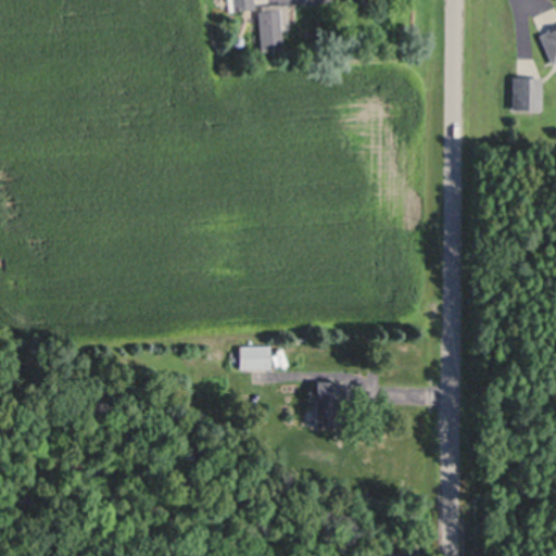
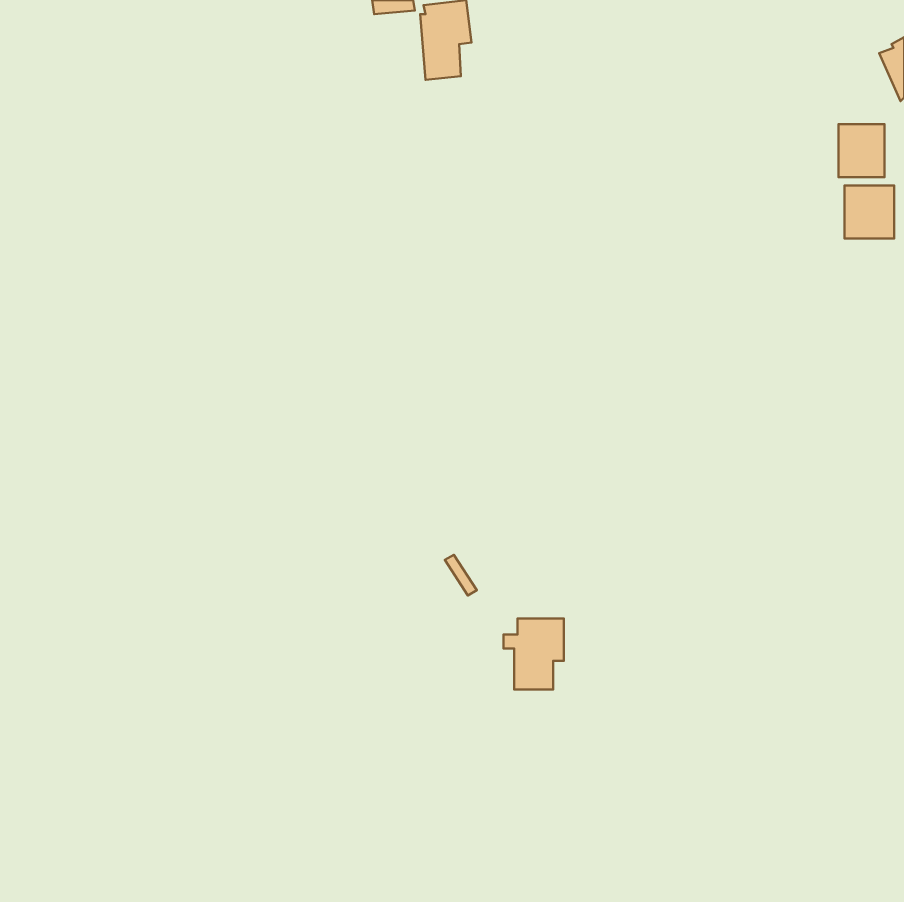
building: none -> [844,186,894,239]
building: [240,346,270,368] -> none

